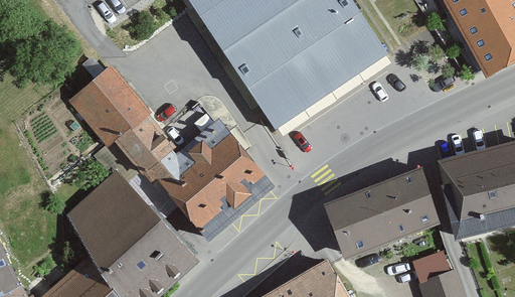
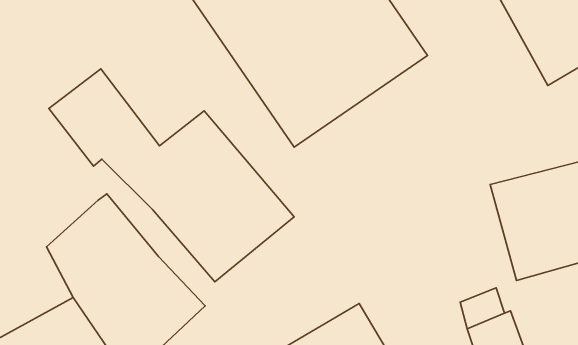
building: [326,168,440,261] -> none

